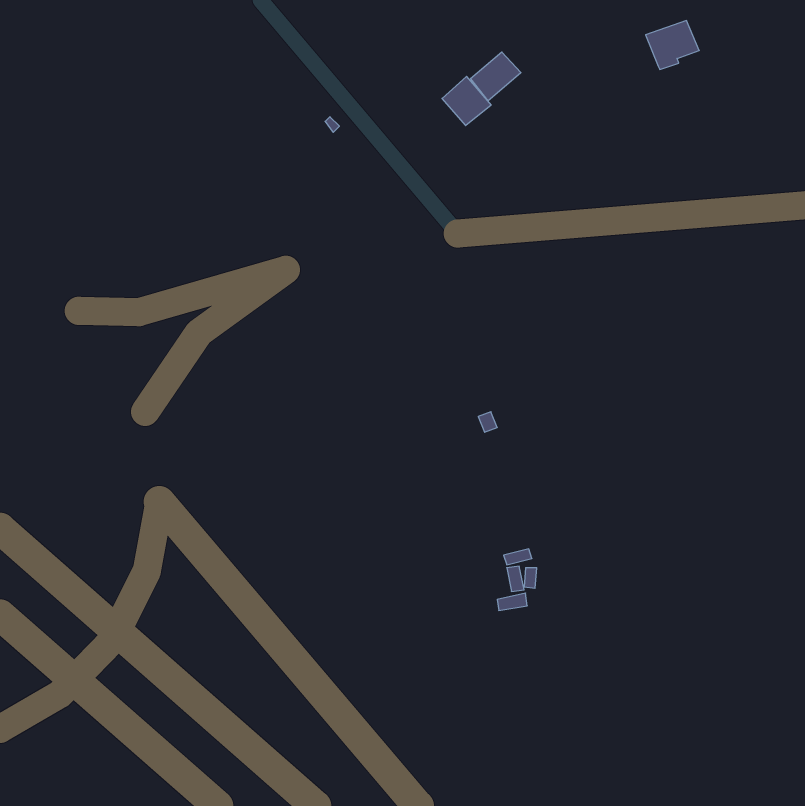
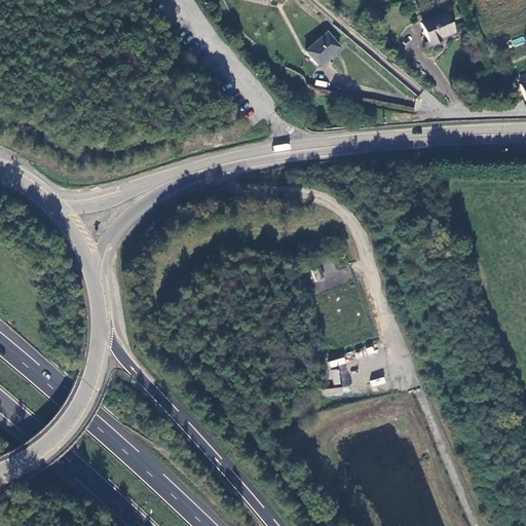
building: [442,76,491,126] -> none

